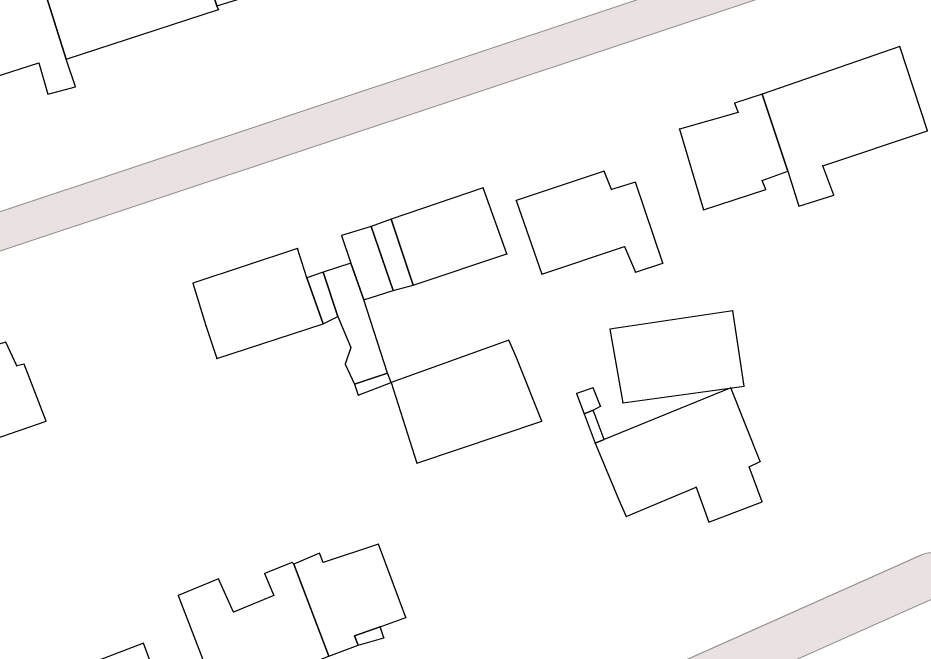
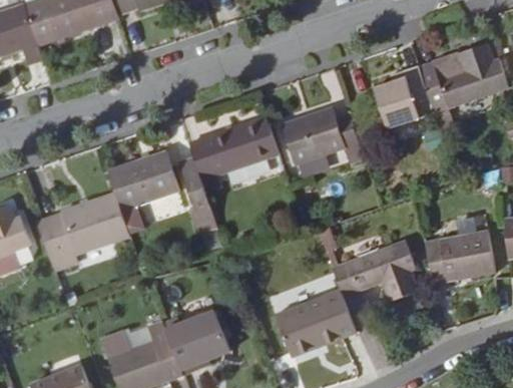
building: [610,311,744,403] -> [423,229,496,279]
building: none -> [35,192,129,259]
building: [391,340,542,463] -> [276,288,358,355]

